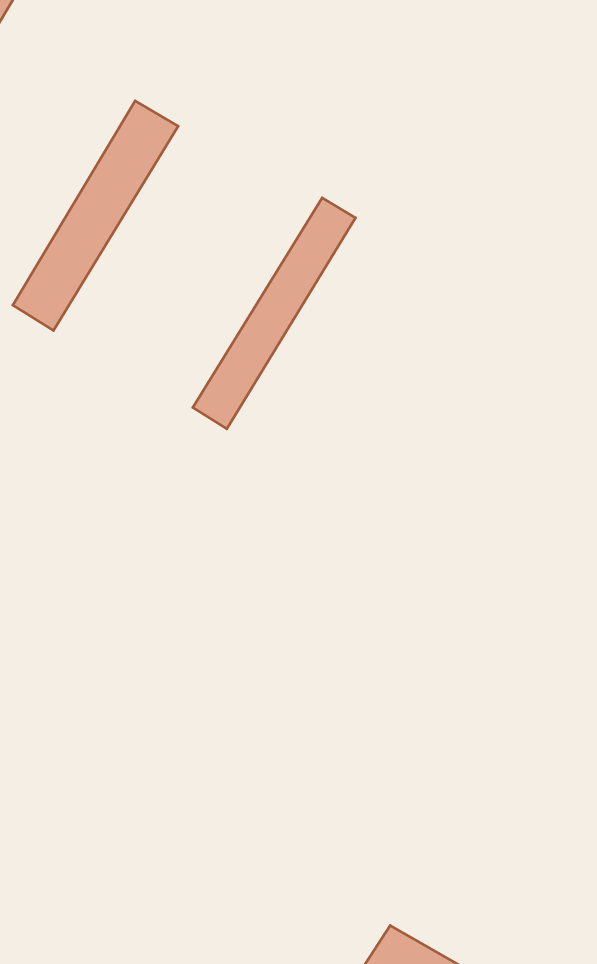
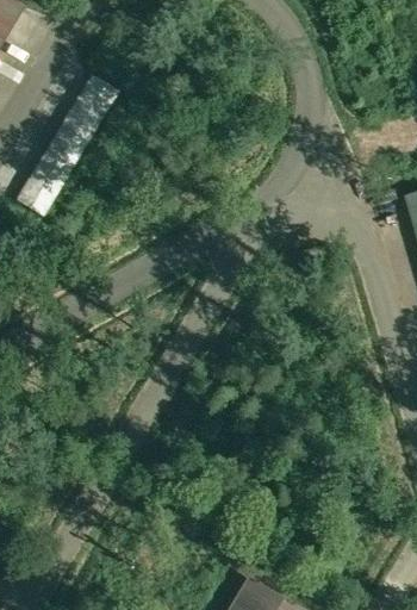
building: [193,198,356,429] -> none

